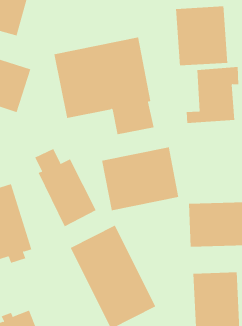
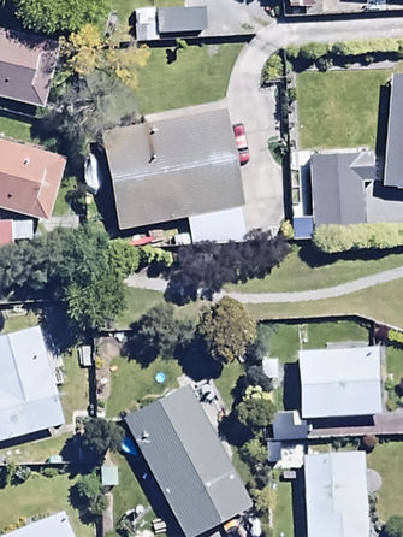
building: [176,6,228,66] -> none
building: [102,147,179,211] -> none
building: [34,148,97,227] -> none

